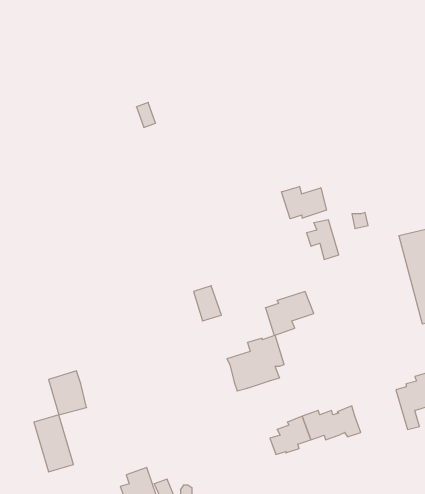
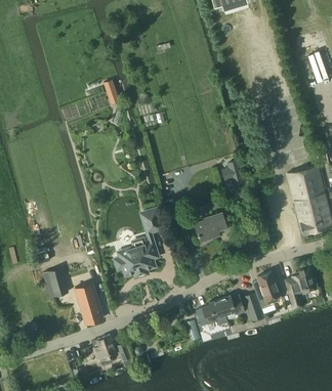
building: [281,186,326,219] -> none
building: [227,335,284,391] -> [118,236,158,275]
building: none -> [255,271,280,308]
building: [34,415,73,472] -> [75,284,102,323]

